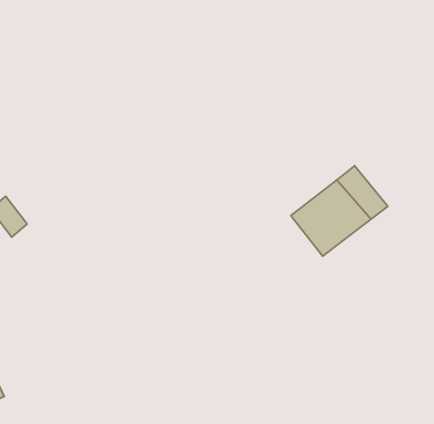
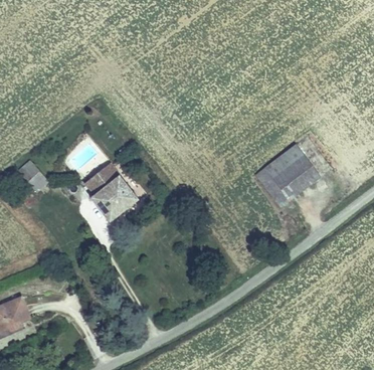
building: none -> [83,164,137,221]

